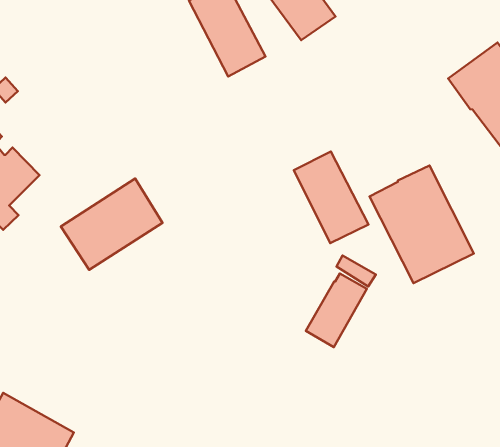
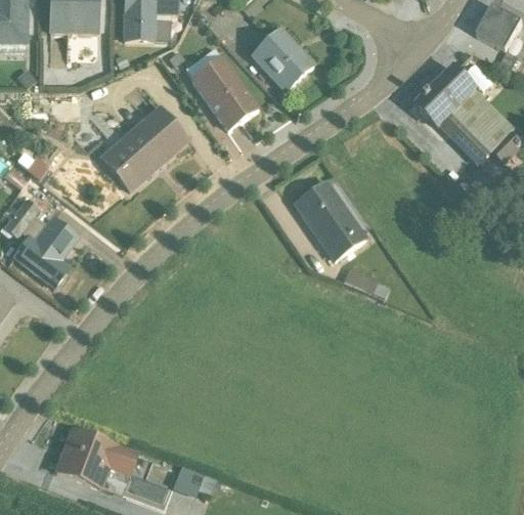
building: [369,165,474,283] -> none
building: [61,179,162,270] -> [100,105,187,189]
building: [306,273,367,347] -> none

